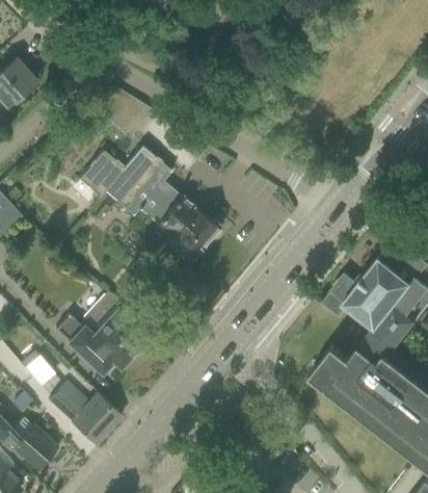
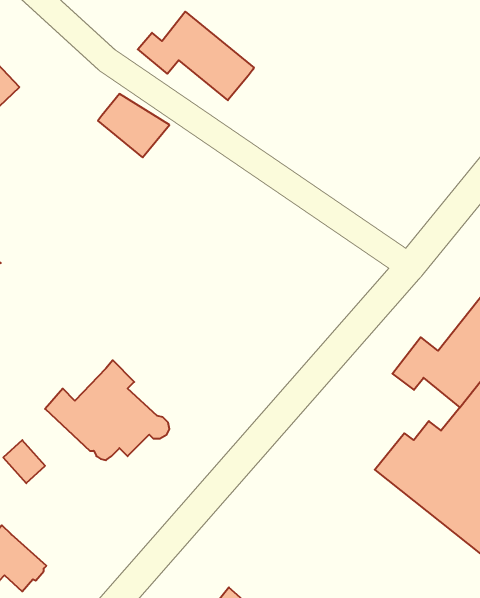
building: none -> [138,12,254,100]
building: [79,148,219,268] -> none
building: [49,381,123,446] -> none

